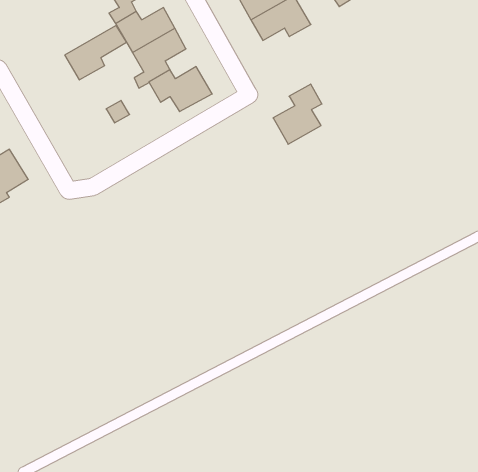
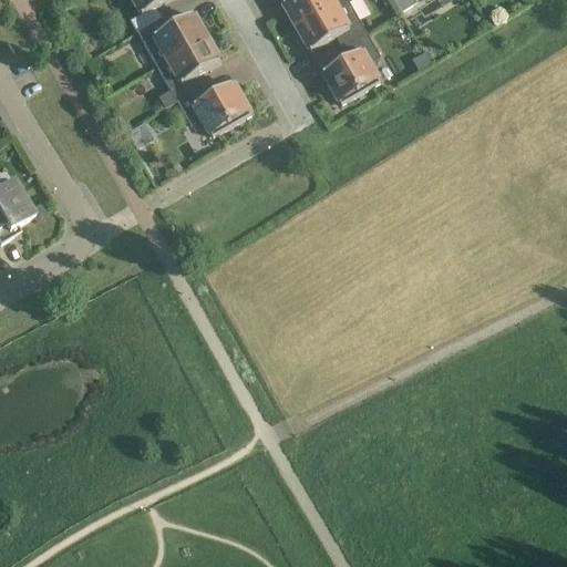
building: [65,26,127,80] -> none
building: [273,84,322,144] -> [322,29,380,100]

